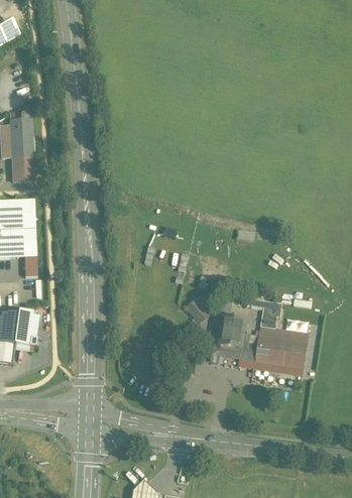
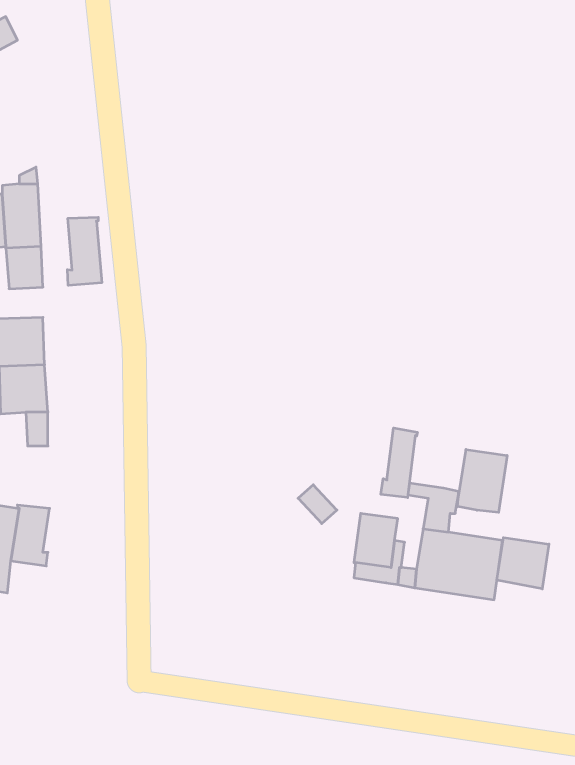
building: none -> [67,217,102,285]
building: none -> [381,428,417,498]
building: none -> [457,449,507,512]
building: none -> [497,538,549,589]

